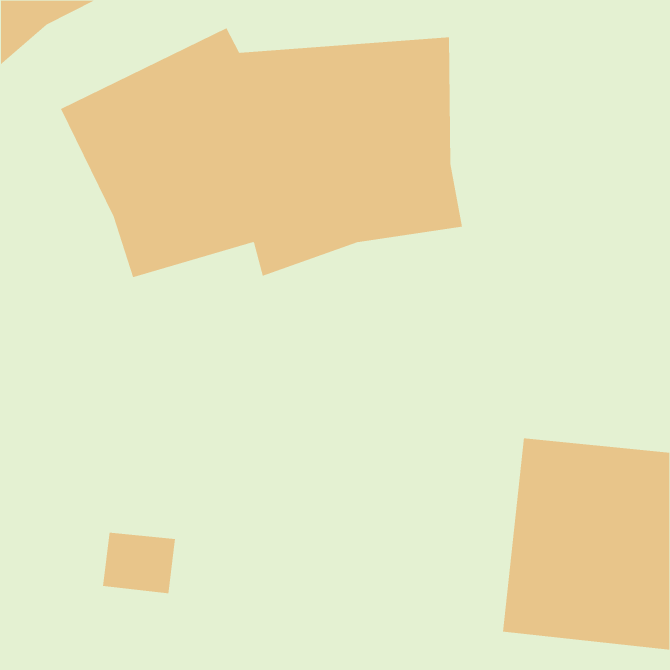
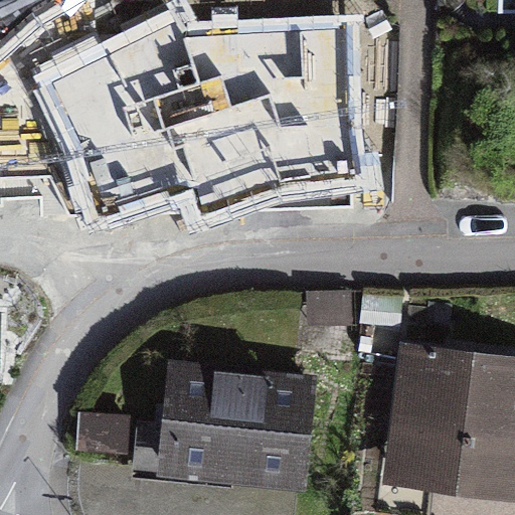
building: none -> [156,359,314,490]

